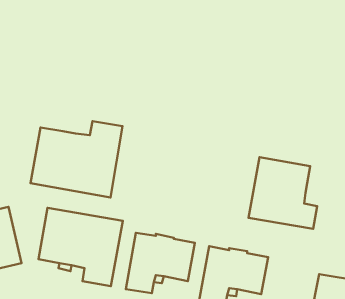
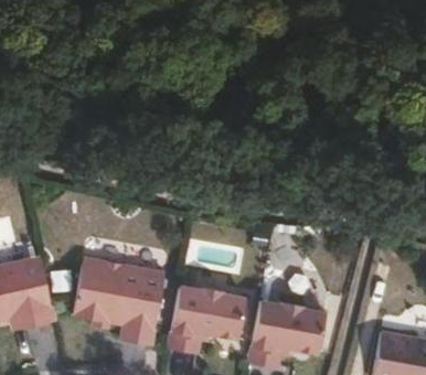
building: [31,121,122,198] -> none
building: [249,157,317,229] -> none

